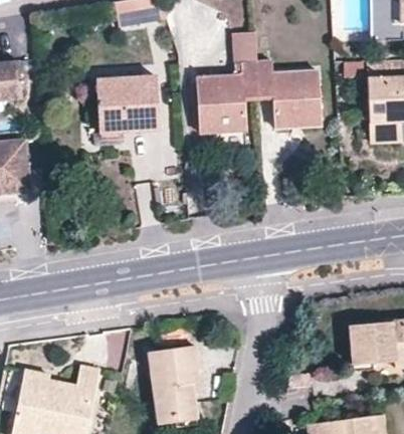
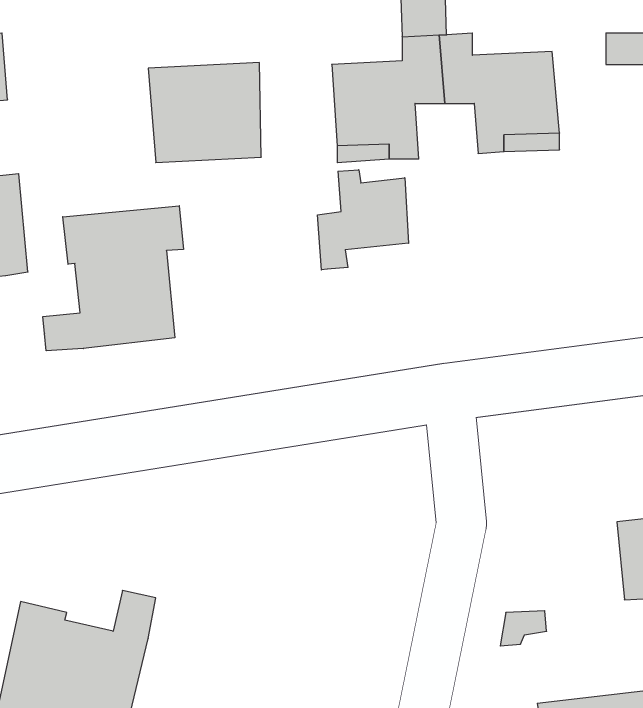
building: none -> [318,170,409,270]
building: none -> [43,206,183,351]
building: [150,347,201,423] -> none

